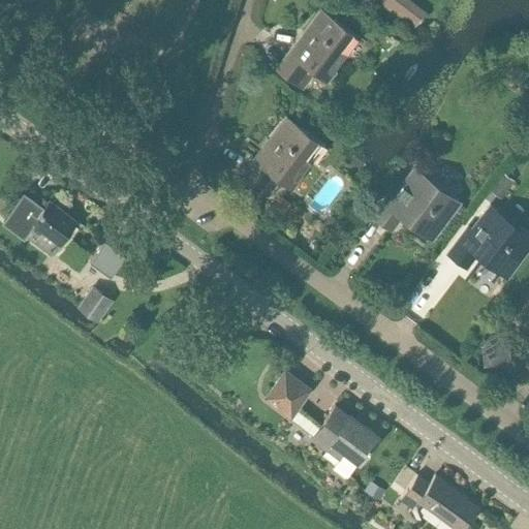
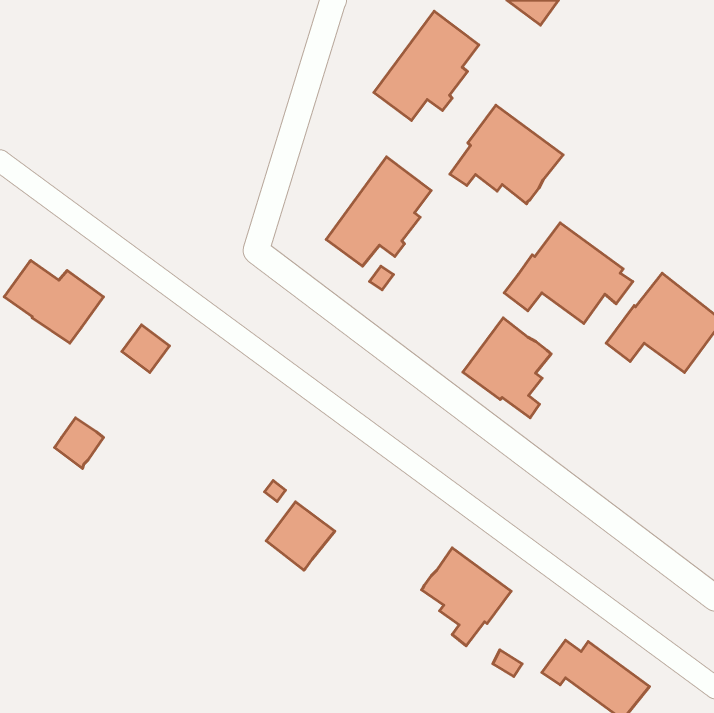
building: none -> [450,105,563,204]
building: none -> [463,318,551,418]
building: [77,286,114,323] -> [55,418,104,468]
building: [262,368,313,418] -> [266,502,335,570]

